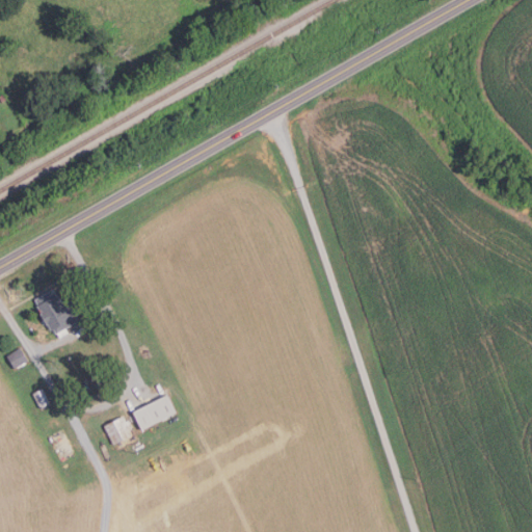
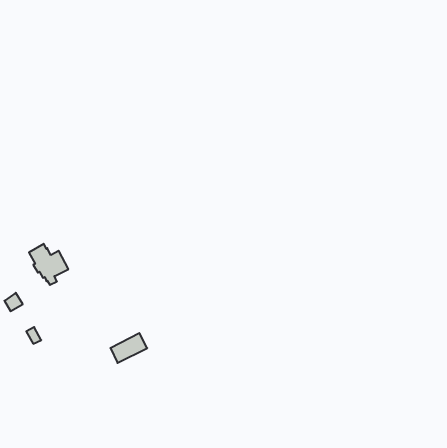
building: [102,416,132,445] -> none

